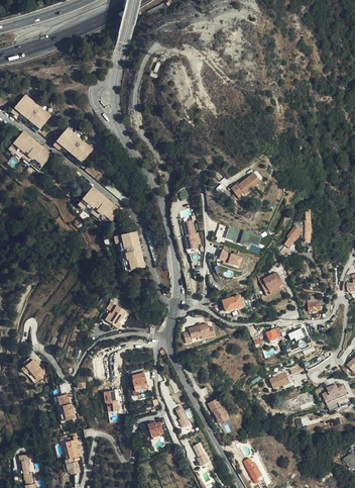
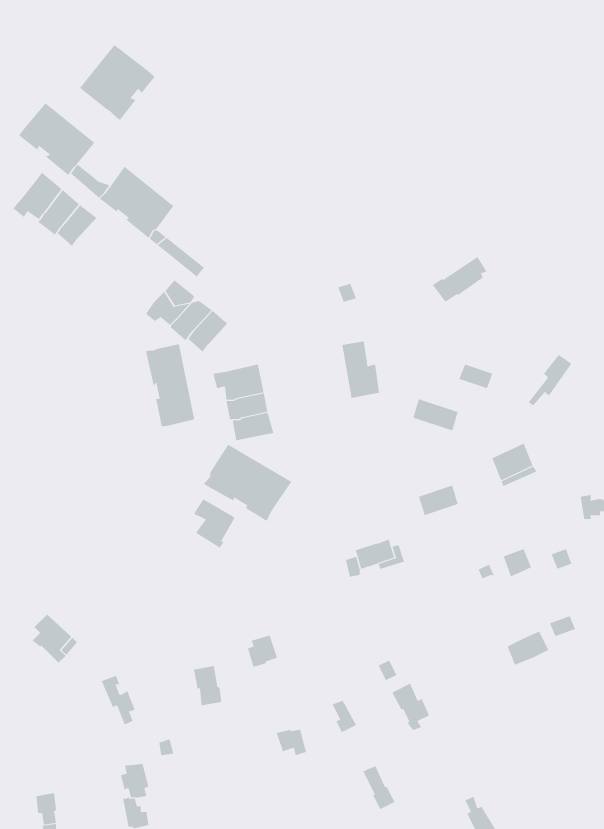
building: none -> [79,44,156,121]
building: none -> [146,344,195,427]
building: none -> [203,444,292,522]

